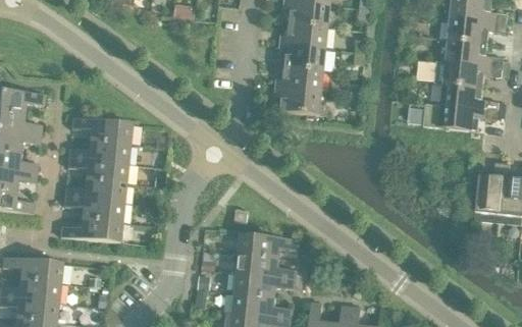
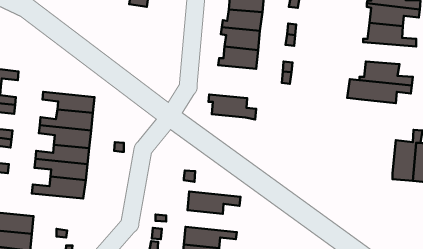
building: [434,60,503,87] -> none
building: [273,88,328,116] -> [208,95,256,119]
building: [237,255,297,280] -> none

